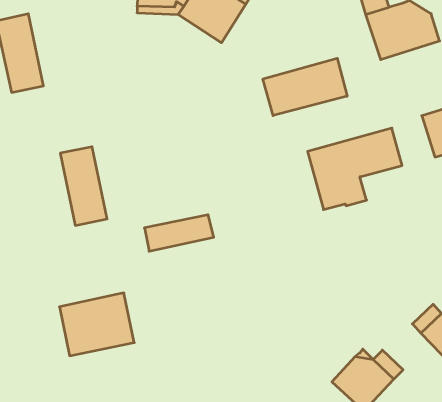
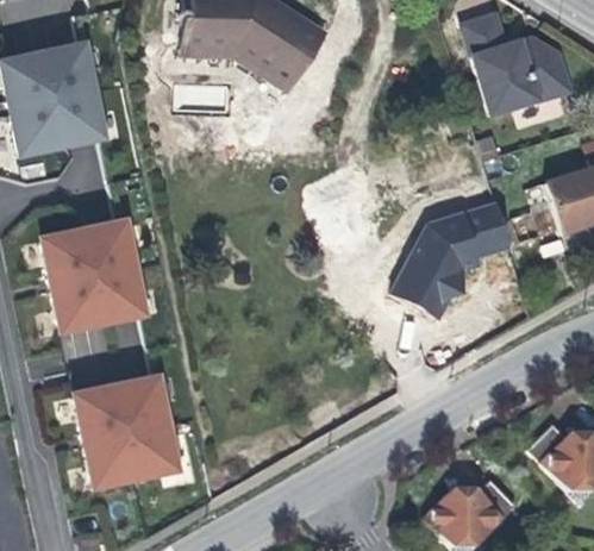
building: none -> [44,45,104,145]
building: [263,58,347,116] -> none
building: none -> [44,231,104,331]
building: [144,215,214,251] -> [77,380,165,426]

